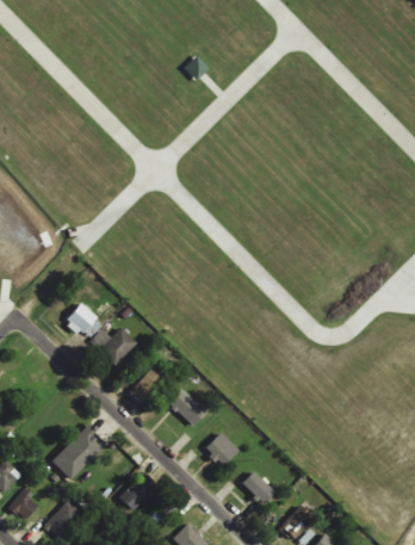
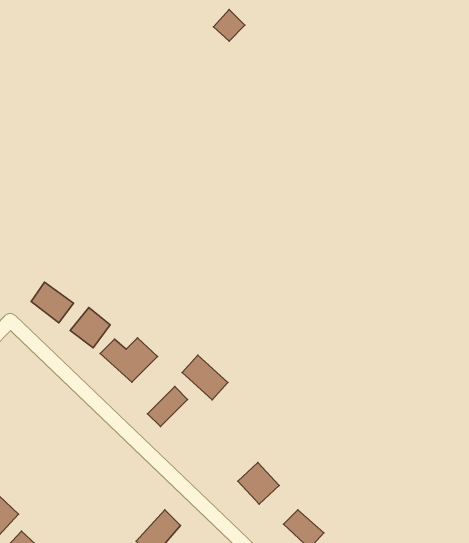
building: none -> [31,282,74,323]
building: [168,389,206,426] -> [182,355,228,400]
building: [52,425,106,479] -> none

